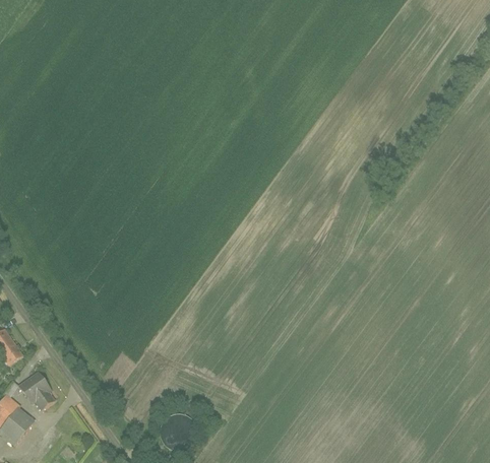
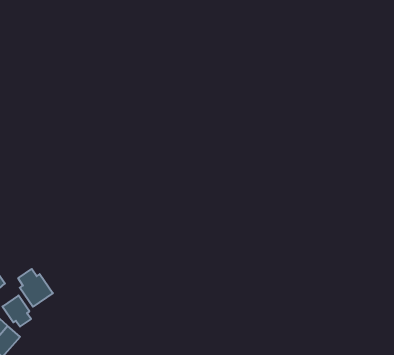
building: none -> [18,269,53,307]

